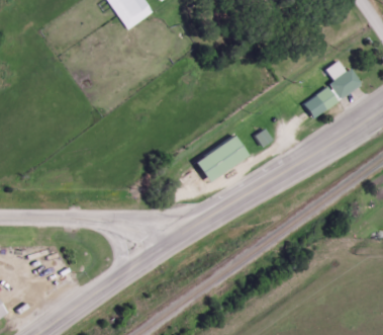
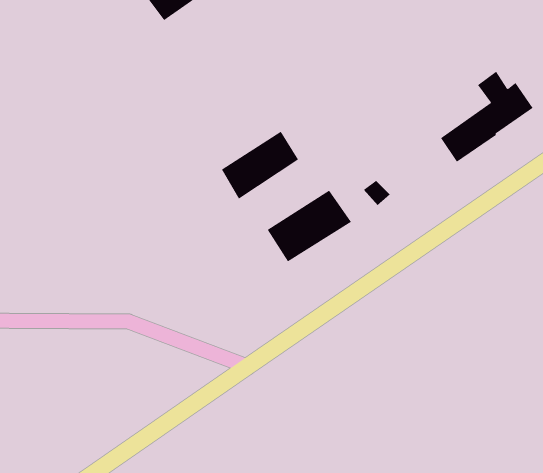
building: none -> [221,131,299,199]

